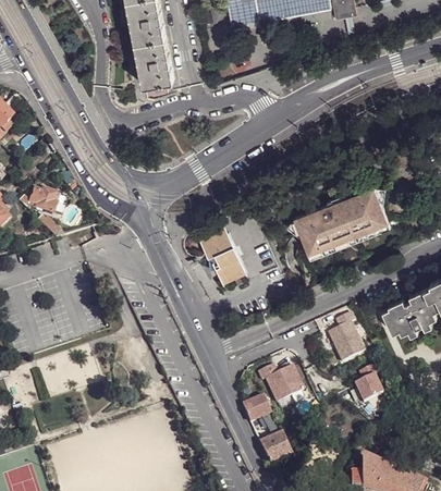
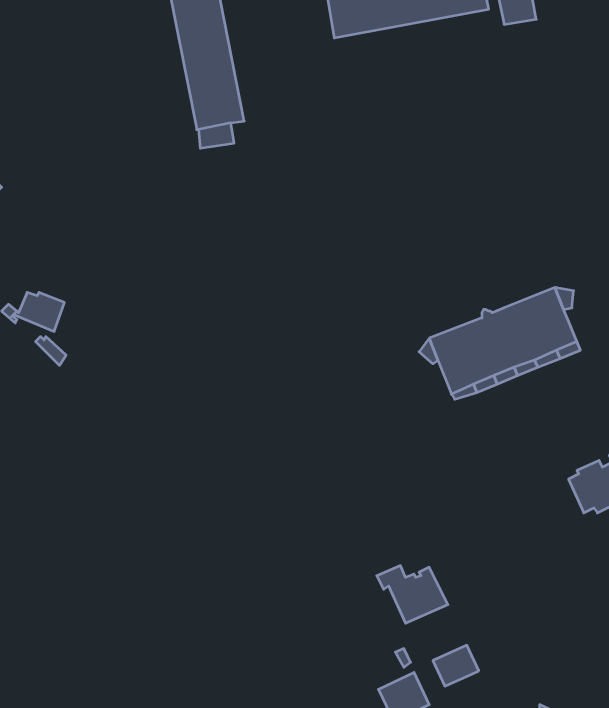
building: [198,229,246,284] -> none
building: [328,312,365,363] -> none
building: [354,365,382,402] -> none
building: [243,395,272,421] -> [433,645,479,686]

